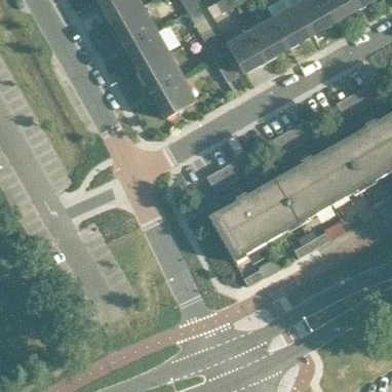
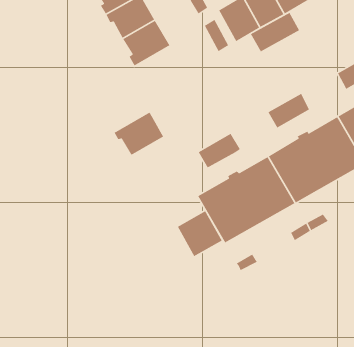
building: none -> [250,12,300,52]
building: [149,77,196,118] -> [113,112,164,156]
building: none -> [177,210,223,257]

